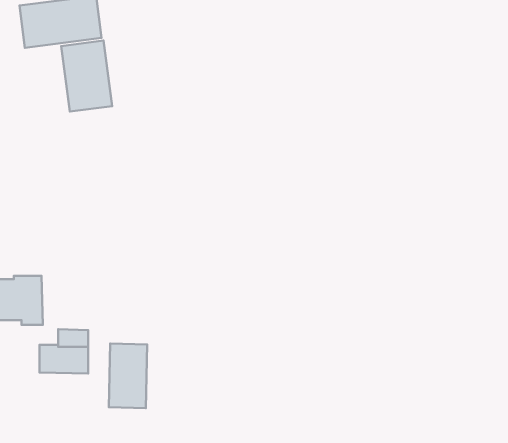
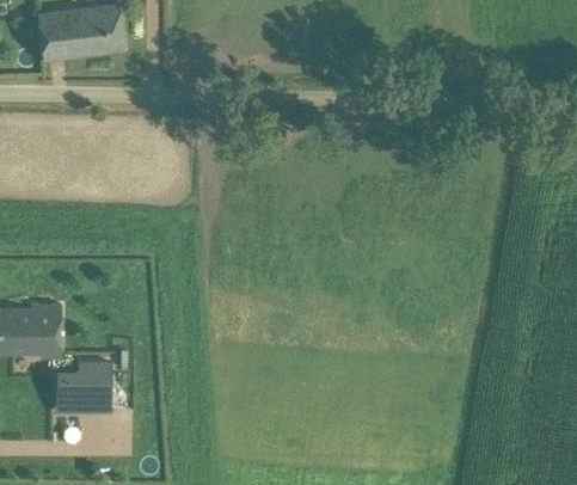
building: [61,41,112,112] -> none
building: [109,344,147,408] -> none

